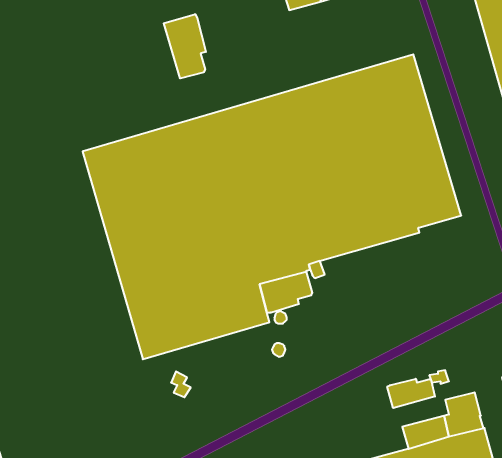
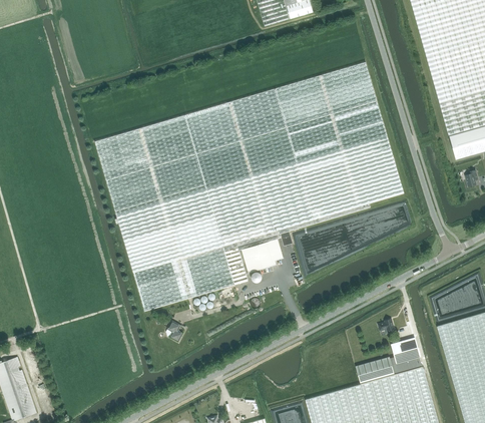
building: [164,14,206,78] -> none
building: [387,379,435,408] -> none

